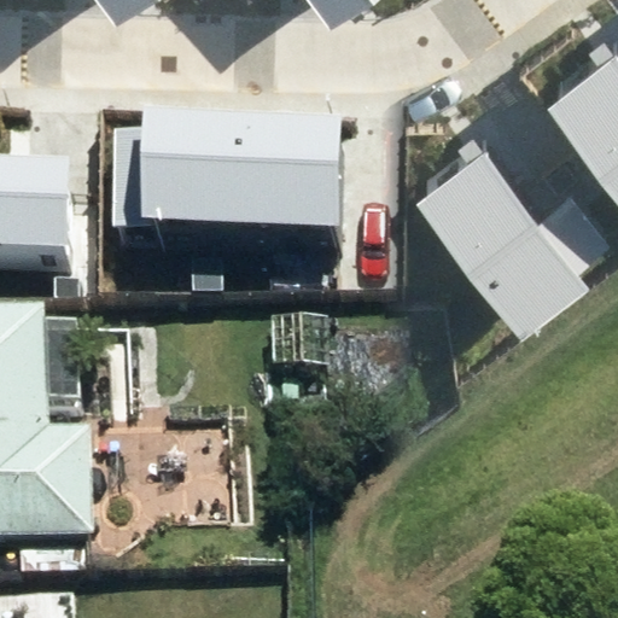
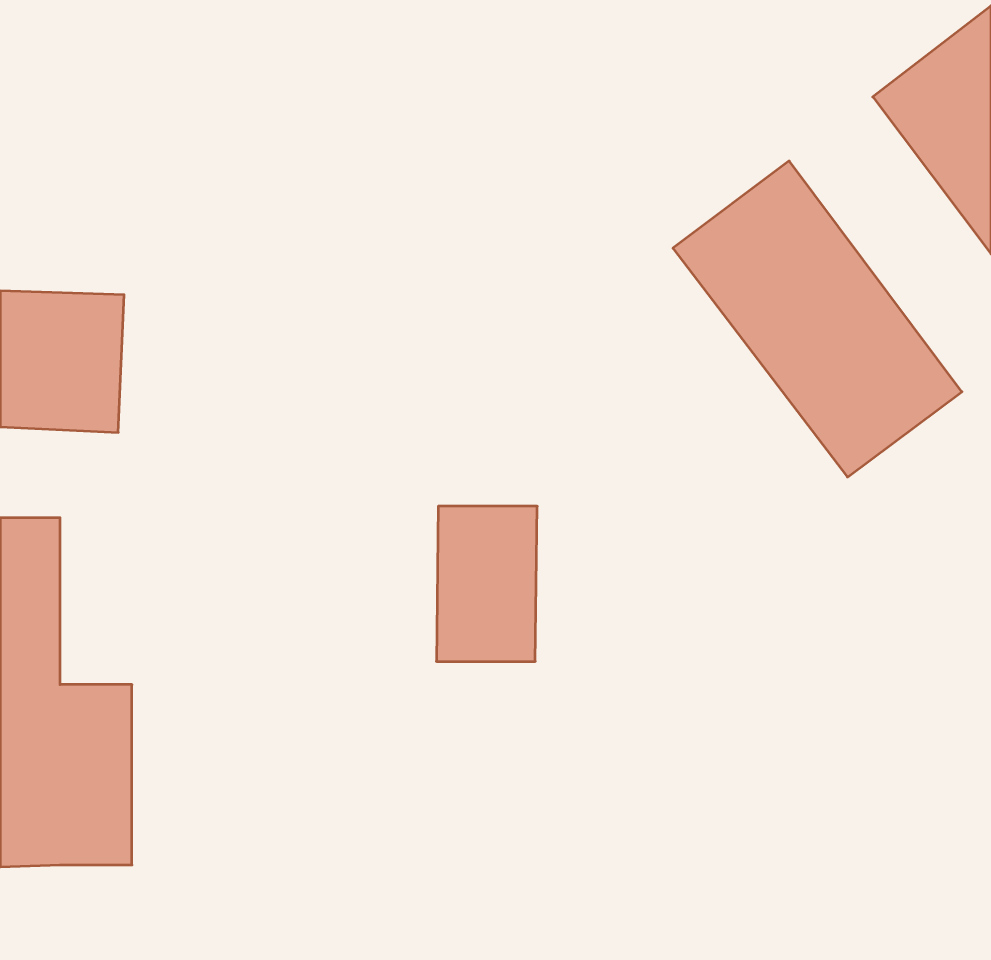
building: [116,130,348,241] -> none

